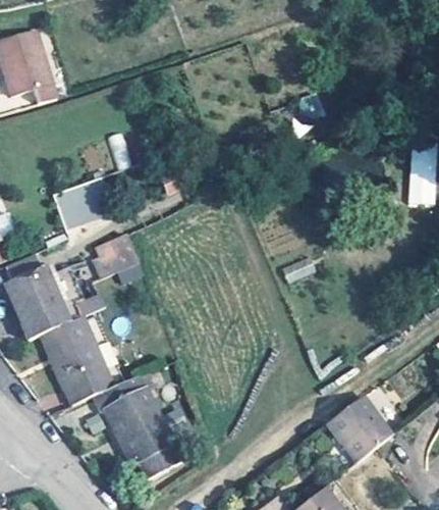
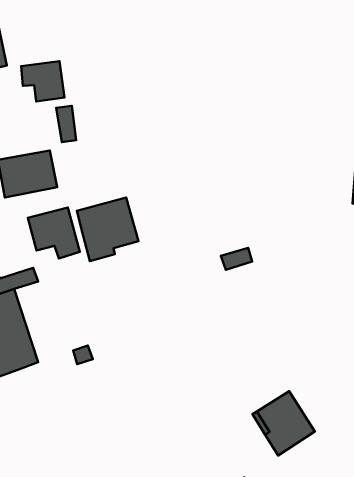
building: none -> [21,61,65,101]
building: none -> [77,198,138,261]
building: [93,377,182,482] -> none

